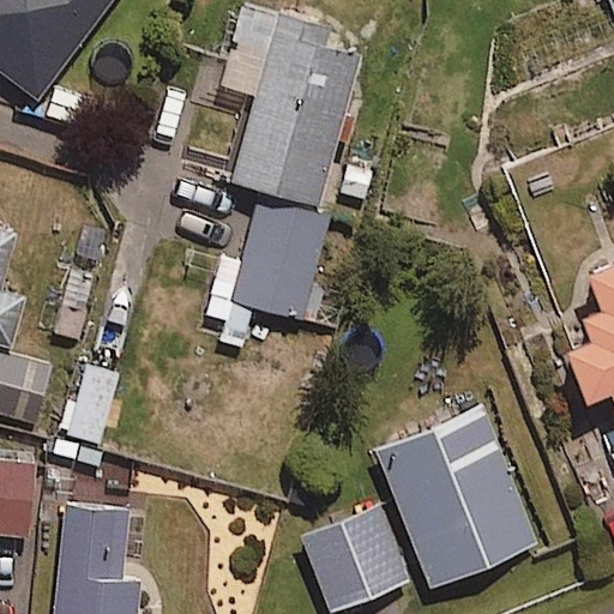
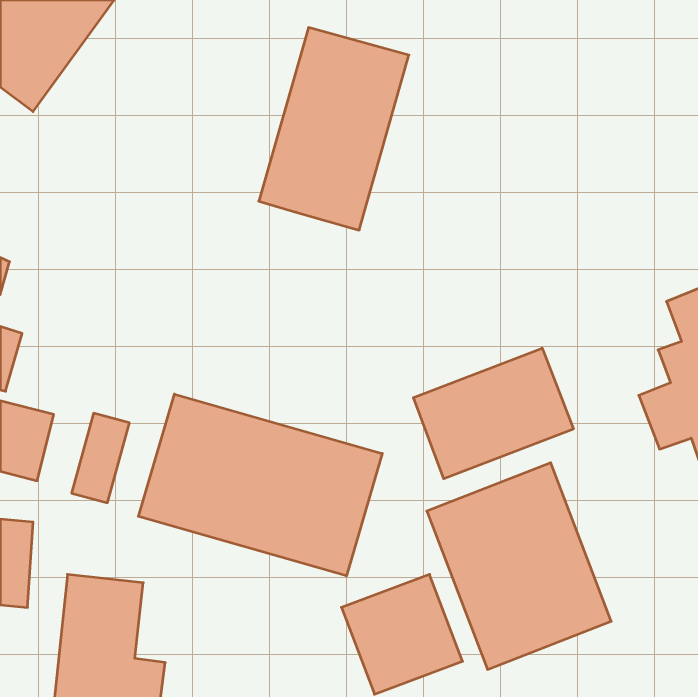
building: [207,192,335,329] -> none
building: none -> [413,348,573,479]
building: none -> [138,394,382,576]

